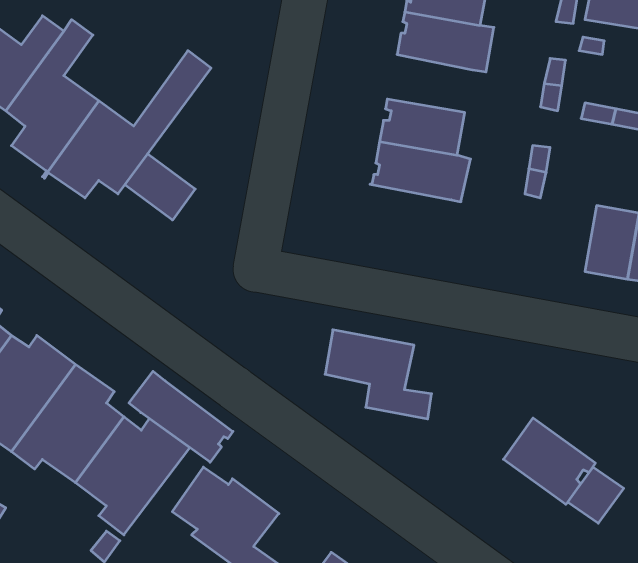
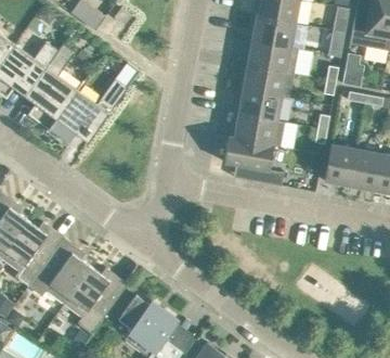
building: none -> [238,64,294,98]
building: [125,154,195,220] -> none
building: none -> [324,144,355,186]
building: [325,330,432,419] -> [224,137,284,187]
building: [129,371,233,462] -> none
building: [503,418,595,504] -> none

